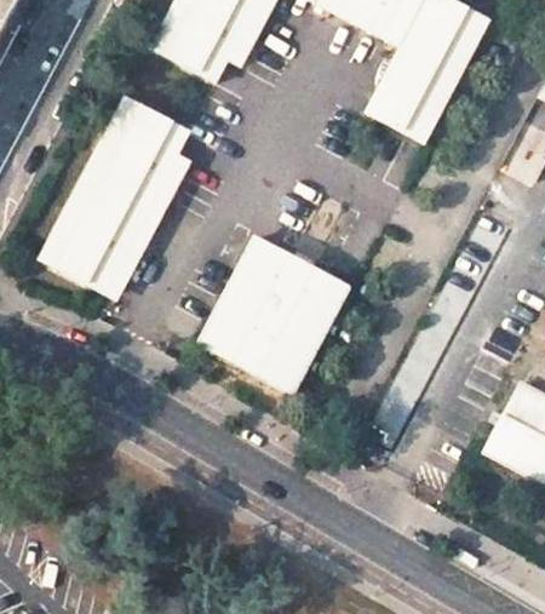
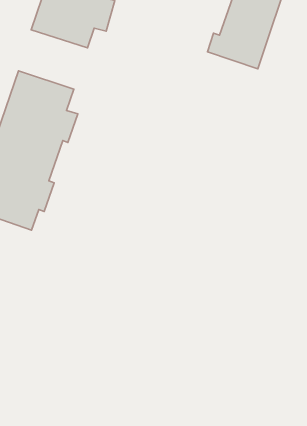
building: [199,240,348,394] -> none

